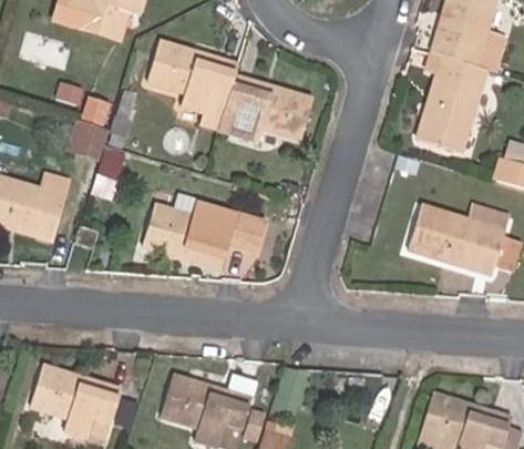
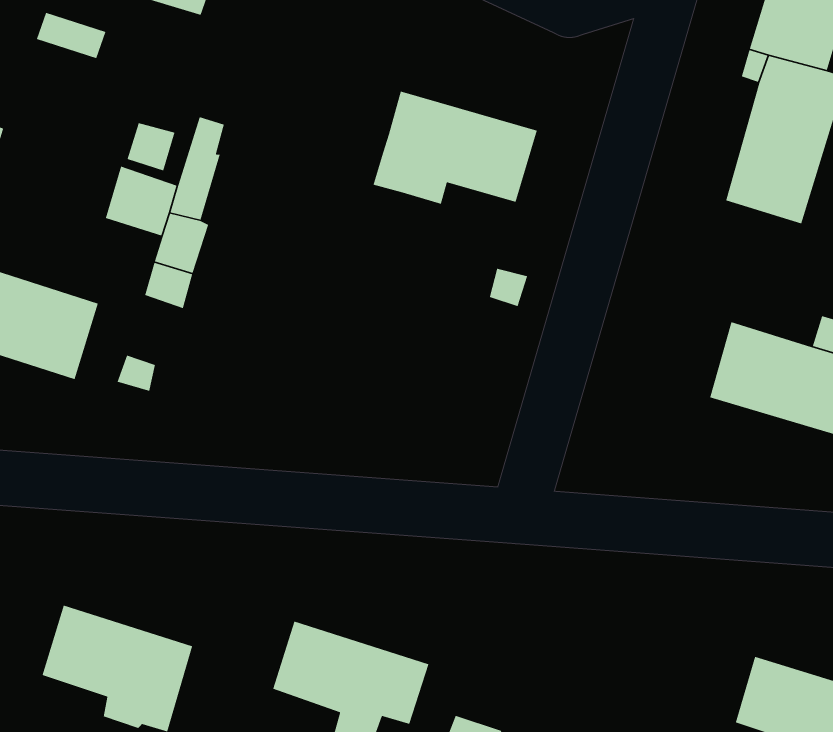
building: [147,41,237,130] -> none
building: [143,203,264,268] -> none

